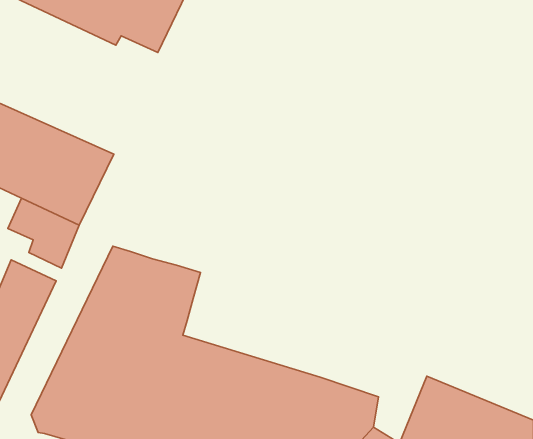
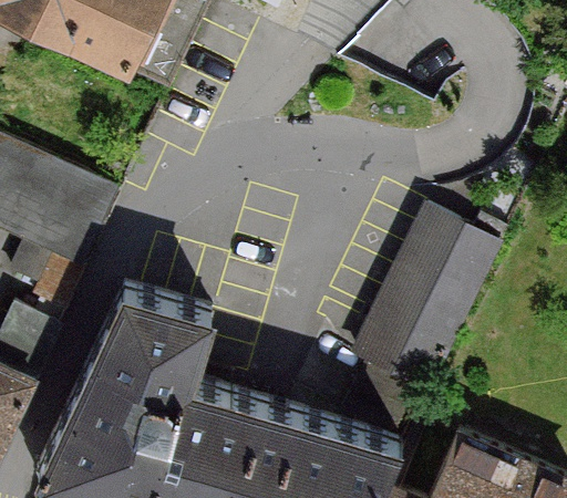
building: none -> [339,201,506,448]

